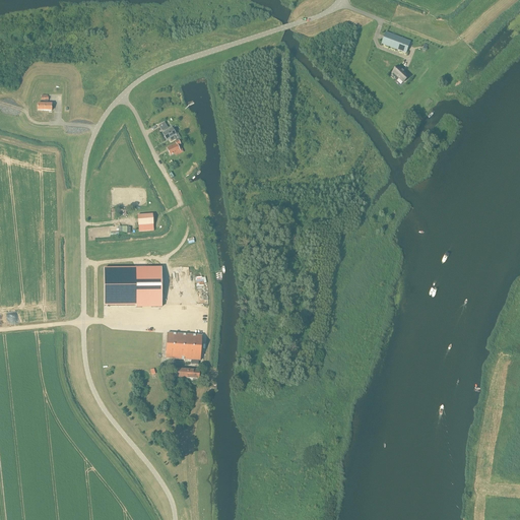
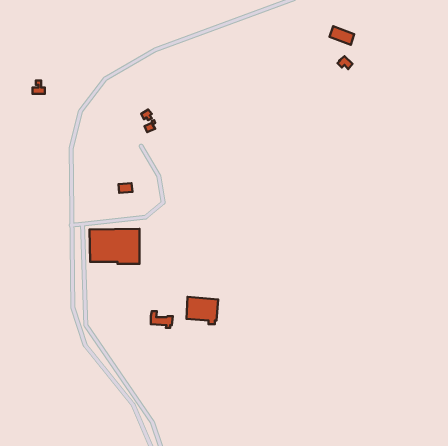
building: [166,331,202,363] -> [187,297,218,324]

